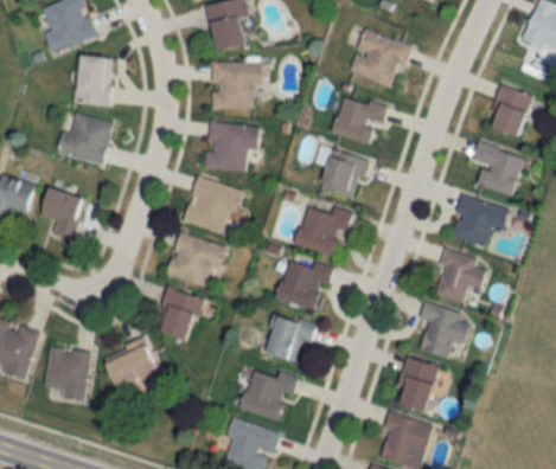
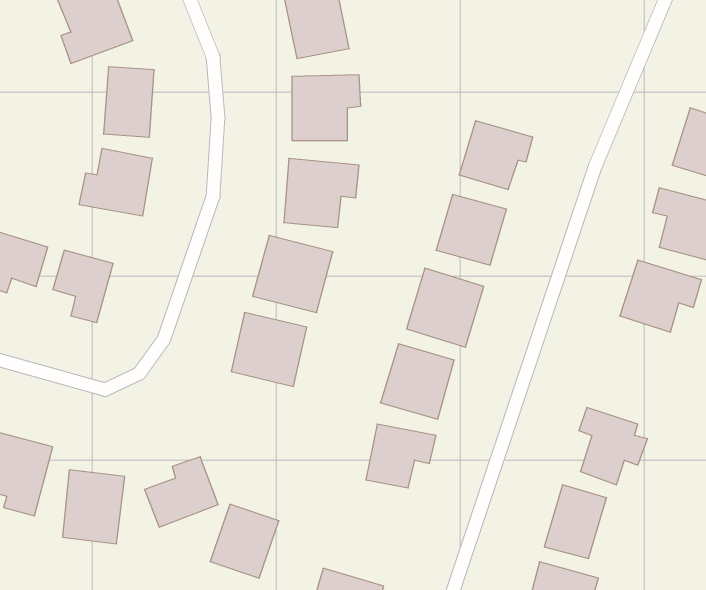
building: [350,30,409,86] -> none
building: [434,250,485,302] -> none
building: [154,288,204,341] -> [210,504,279,578]
building: [242,366,295,420] -> none

